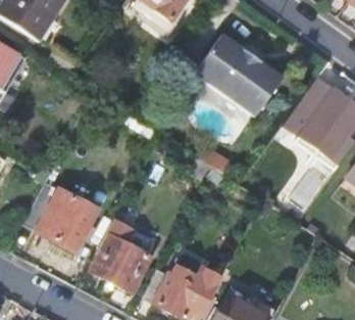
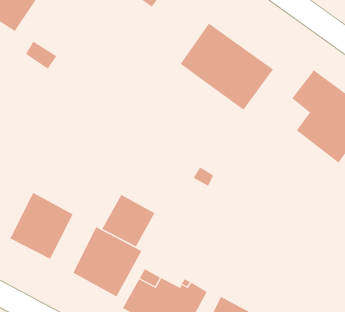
building: none -> [101,194,155,247]

